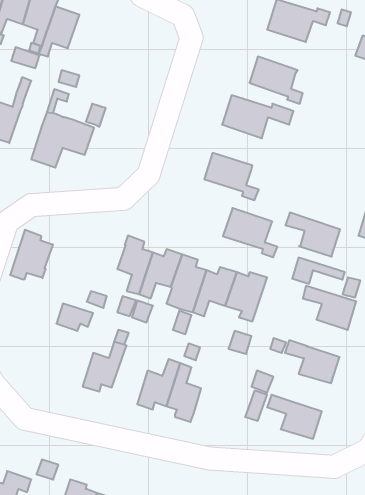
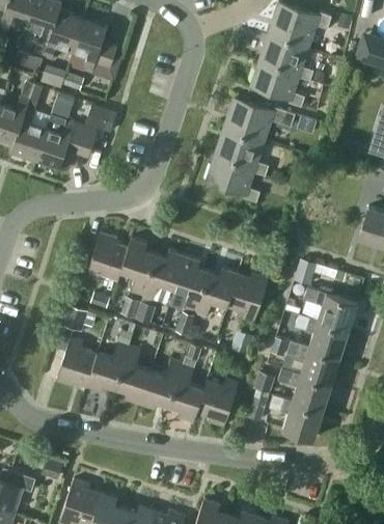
building: none -> [72,18,117,73]
building: none -> [259,32,313,80]
building: none -> [10,83,46,161]
building: [223,208,277,257] -> [215,127,269,175]
building: [285,213,340,257] -> [295,313,349,357]
building: [10,230,53,279] -> [86,231,129,280]
building: none -> [56,336,97,386]
building: none -> [115,346,150,404]
building: none -> [278,367,332,411]
building: none -> [196,379,239,426]

